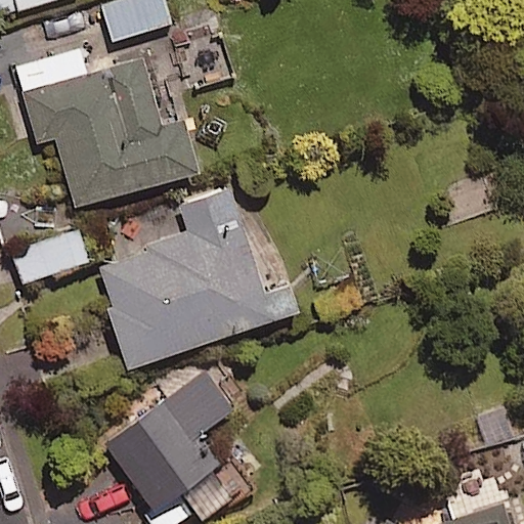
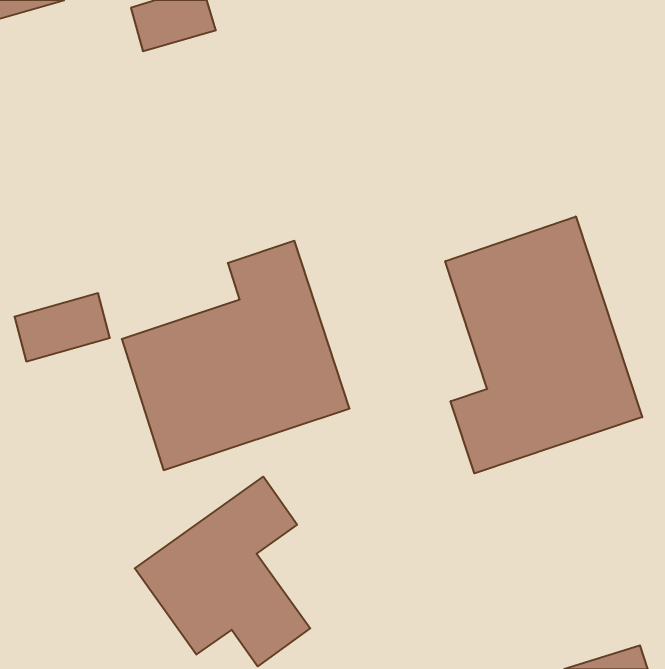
building: [14,49,195,206] -> none
building: none -> [445,216,642,473]

